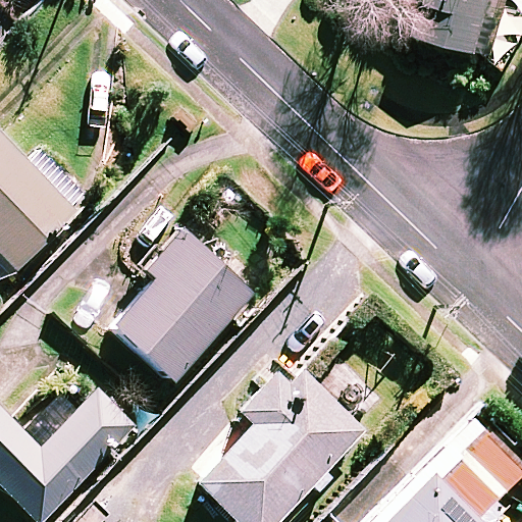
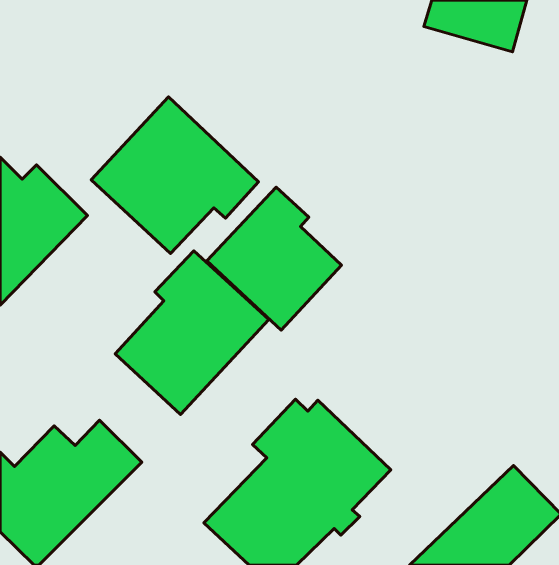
building: none -> [91,97,258,254]
building: none -> [207,187,342,330]

